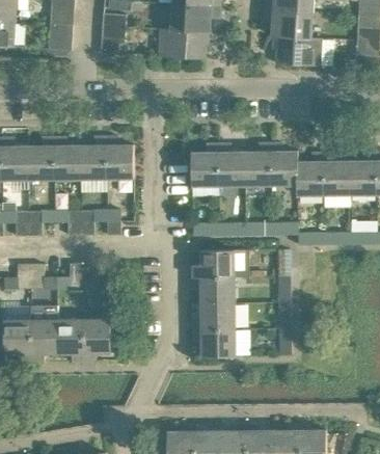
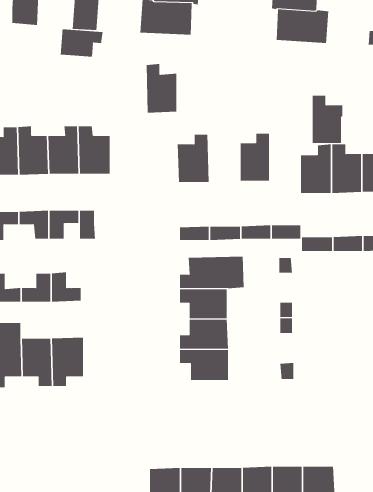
building: none -> [60,28,103,58]
building: [218,143,245,186] -> [146,64,177,113]
building: [271,143,298,185] -> [312,95,343,143]

